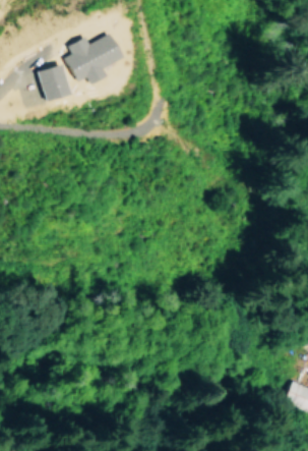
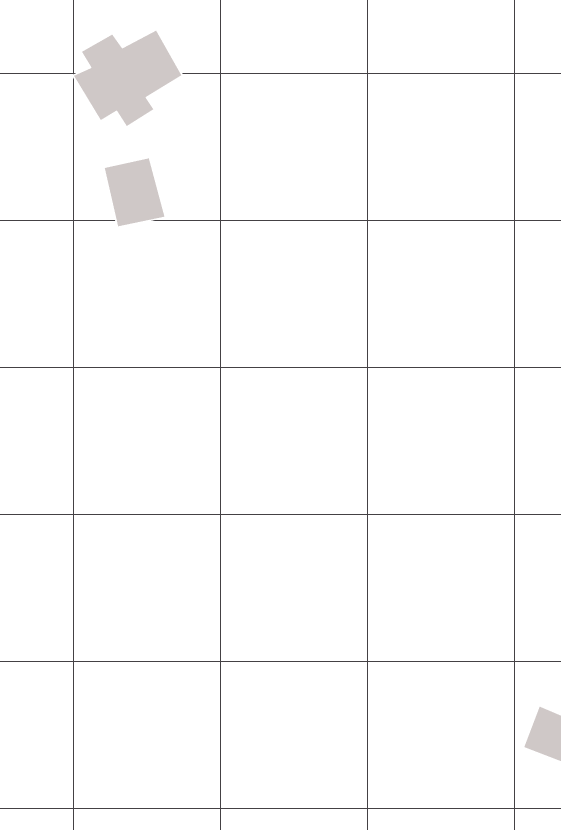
building: [32,66,63,102] -> [104,157,165,227]

